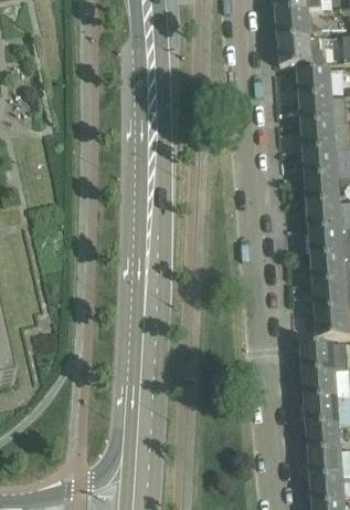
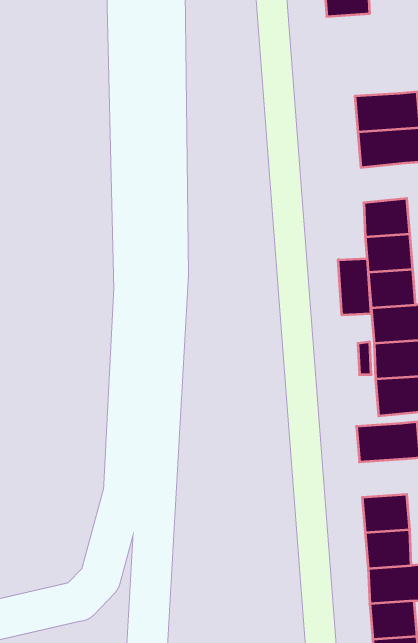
building: [277,38,311,66] -> none
building: [296,70,331,100] -> none
building: [303,149,337,179] -> none
building: none -> [338,259,371,315]
building: [301,371,337,399] -> none

